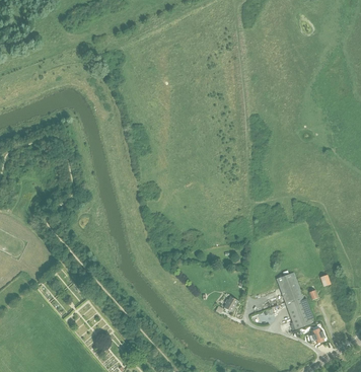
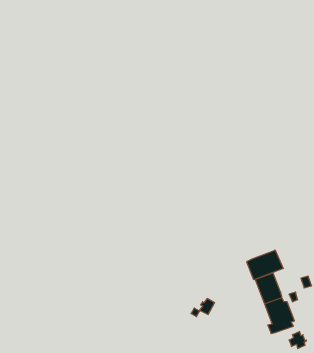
building: none -> [247,250,283,280]

